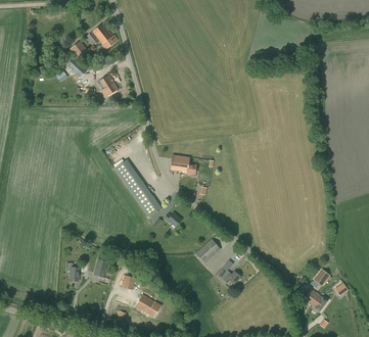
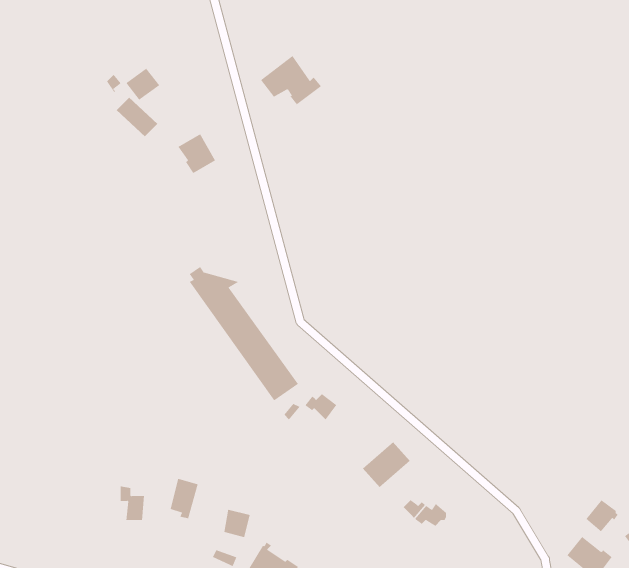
building: [86,22,119,49] -> [260,55,322,105]
building: [171,149,197,174] -> none

